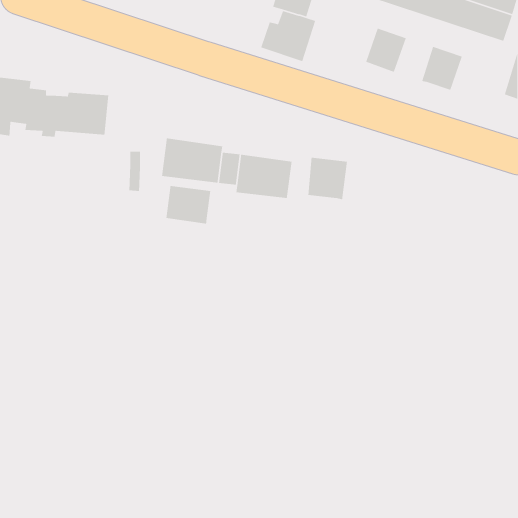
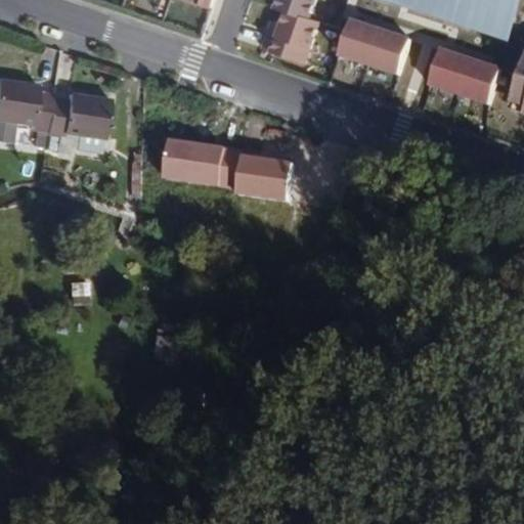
building: none -> [337,18,379,62]
building: none -> [452,56,494,101]
building: [307,157,348,200] -> none
building: [166,185,211,224] -> none

